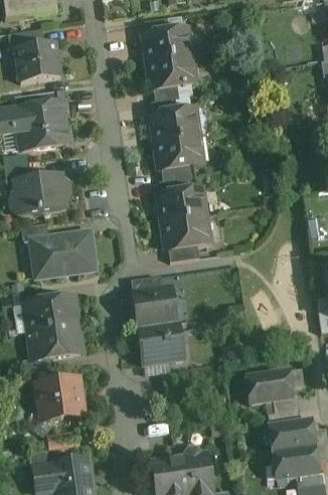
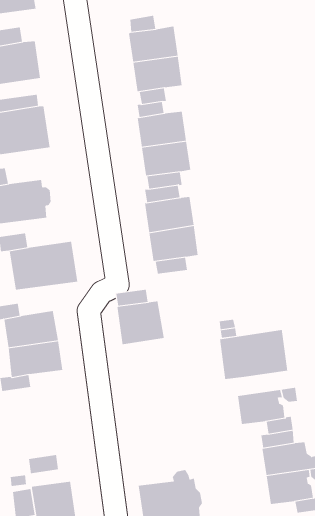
building: none -> [220,329,288,380]
building: [137,320,184,362] -> none
building: [35,376,83,418] -> none

